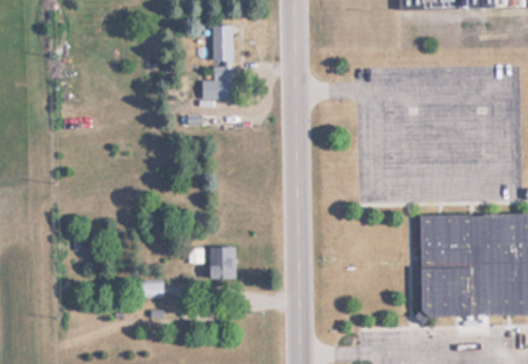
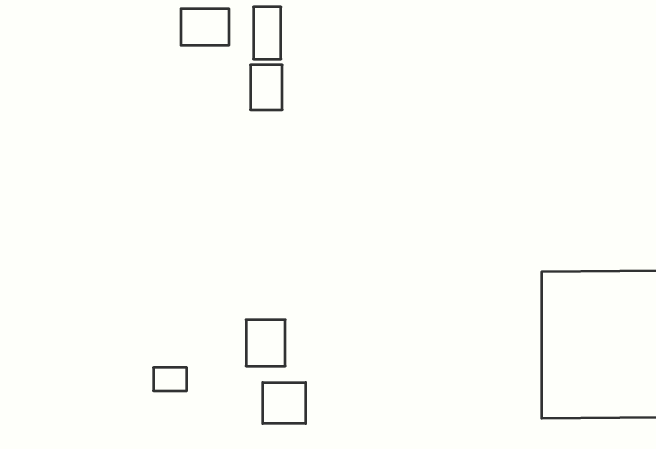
building: none -> [181,9,229,45]
building: none -> [263,382,306,424]

